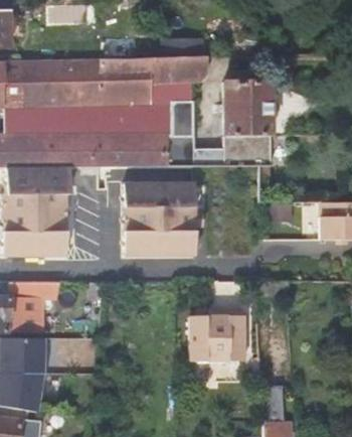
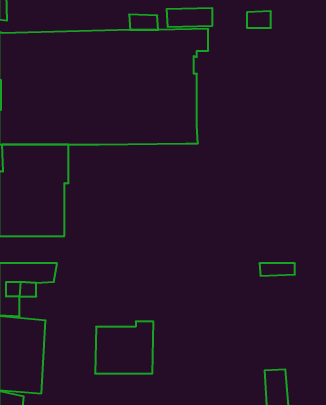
building: [194,79,271,189] -> none
building: [124,183,204,256] -> none
building: [190,311,246,361] -> [95,321,153,374]

